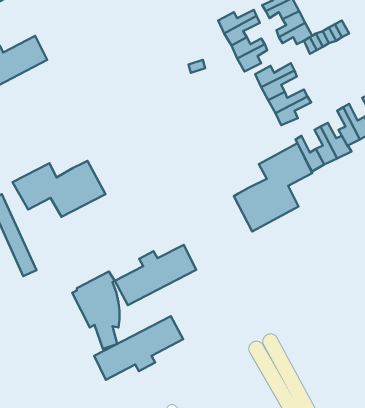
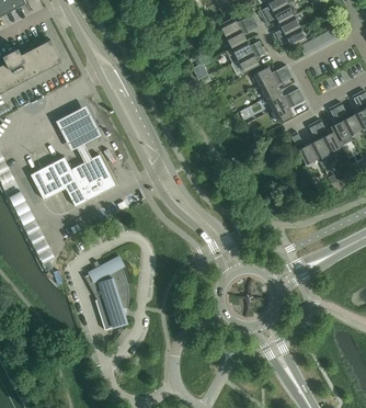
building: none -> [57,102,101,161]
building: [234,143,312,232] -> none
building: [115,245,196,305] -> none
building: [94,316,183,380] -> none

